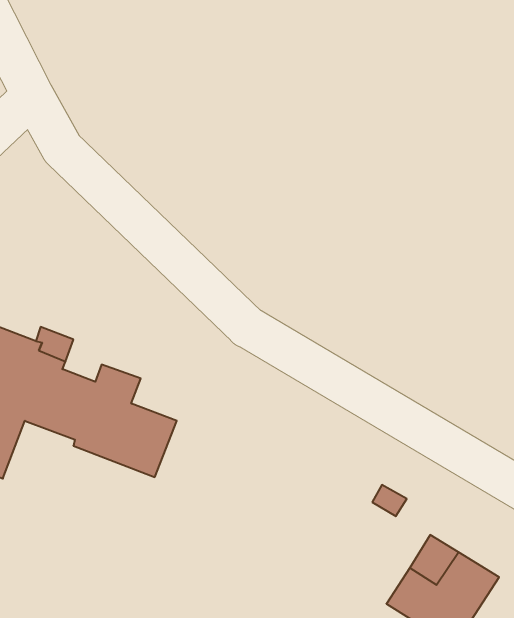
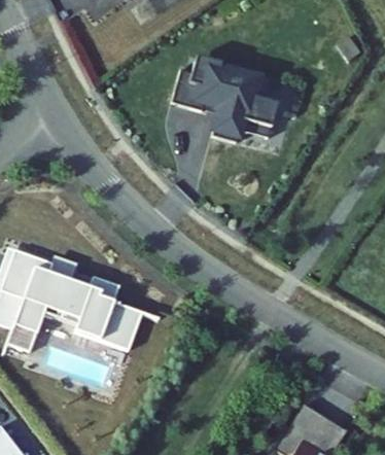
building: none -> [172,59,278,139]

